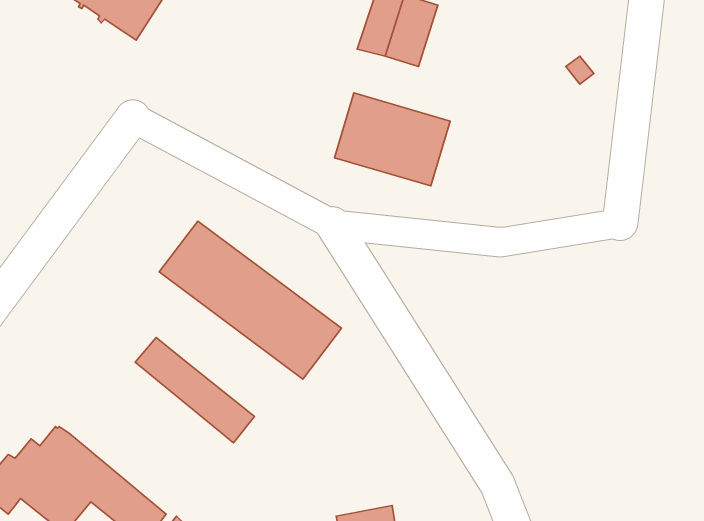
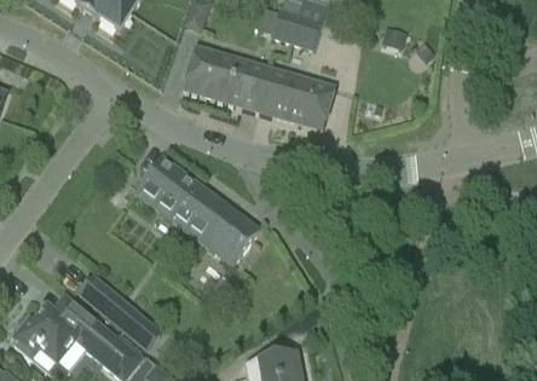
building: none -> [181,45,268,111]
building: [135,338,254,443] -> [79,276,161,348]

